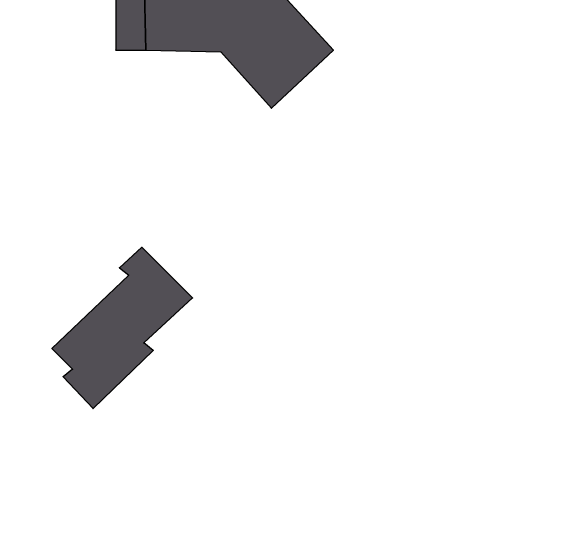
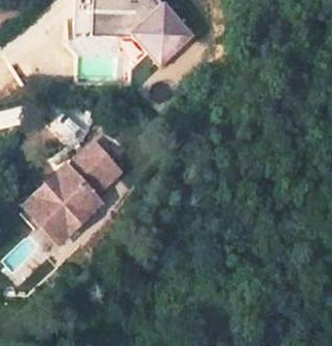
building: none -> [26,155,82,238]

